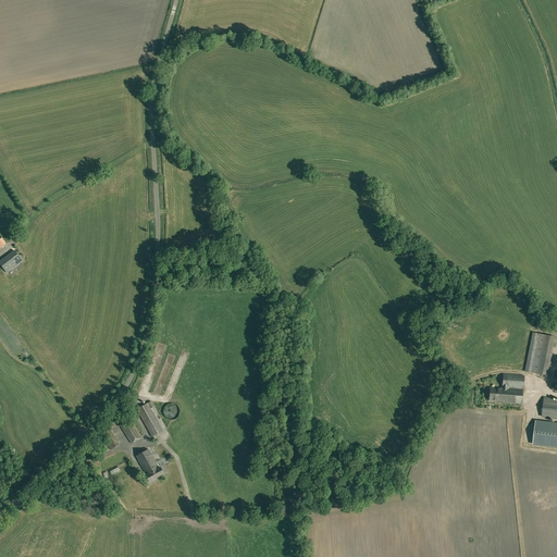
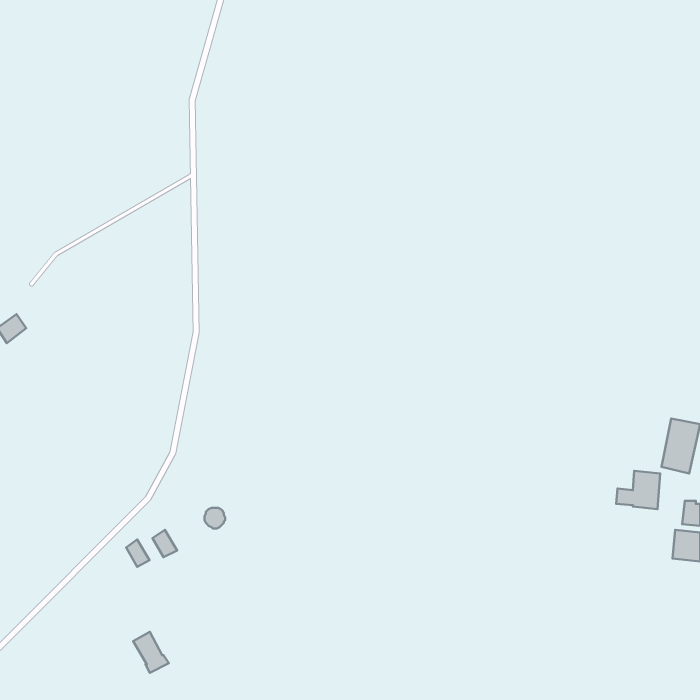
building: [136,400,162,436] -> none
building: [135,448,163,481] -> [133,632,169,673]

